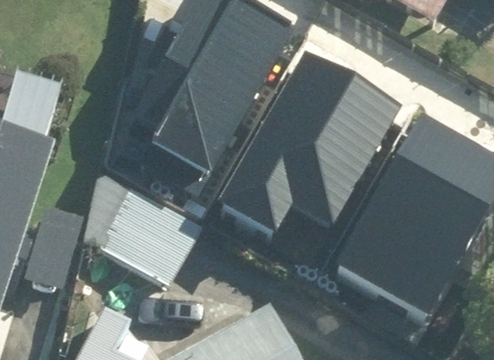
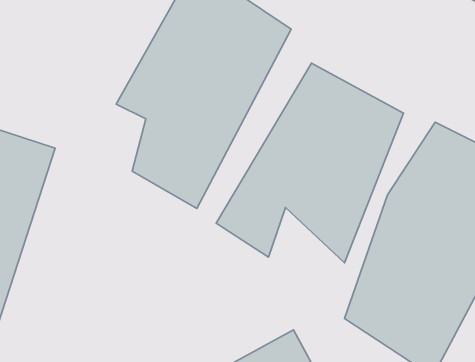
building: [96,176,210,278] -> none

